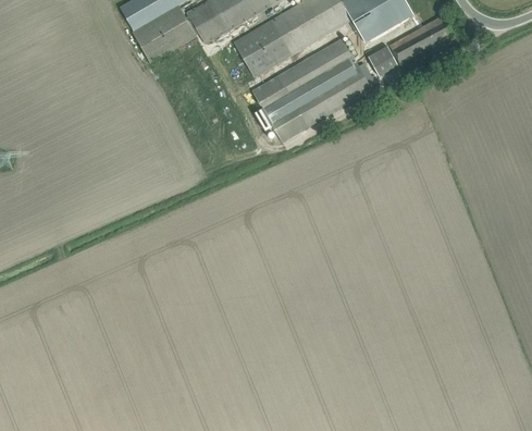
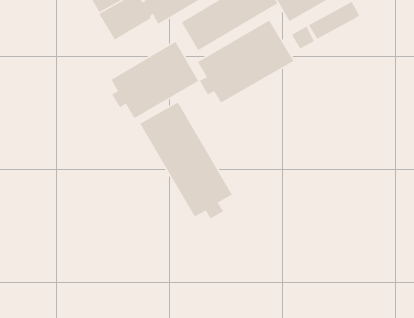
building: none -> [110,41,199,119]
building: none -> [139,101,233,220]

